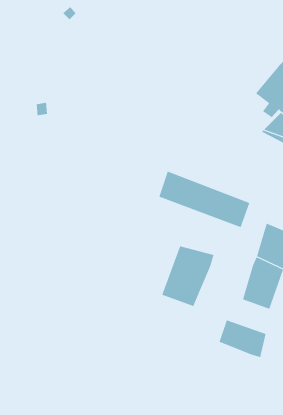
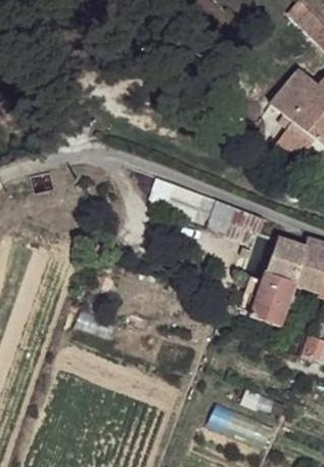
building: [161,246,214,307] -> none
building: [219,320,266,358] -> none

